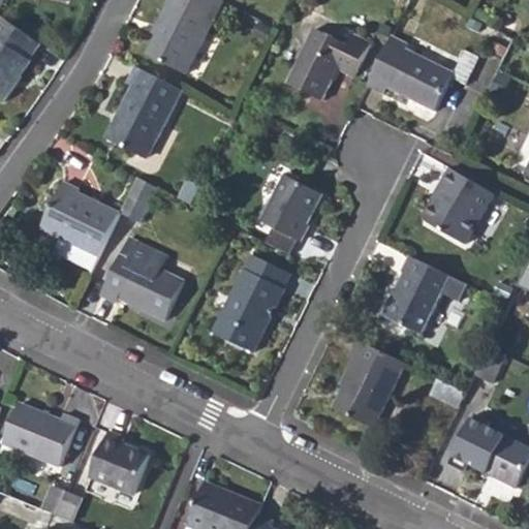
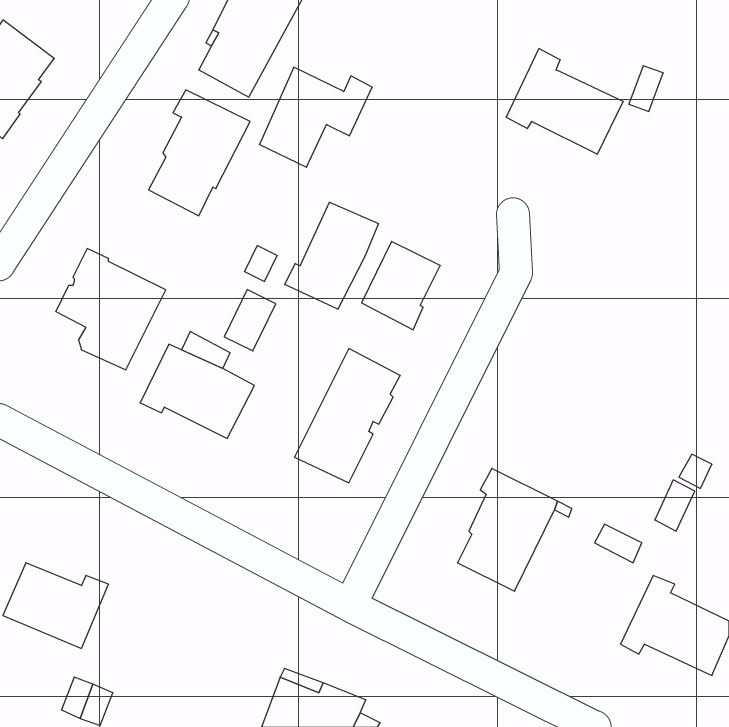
building: [286,28,368,100] -> [259,67,372,167]
building: none -> [285,202,378,309]
building: [425,169,492,247] -> none
building: [120,176,157,220] -> [224,290,276,351]
building: [383,256,465,334] -> none
building: [90,435,150,497] -> none

